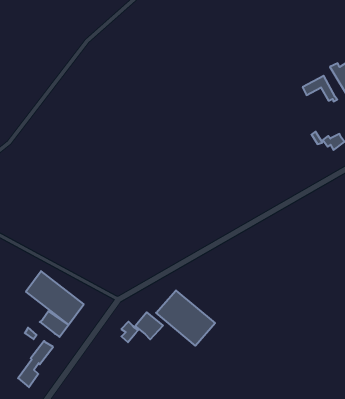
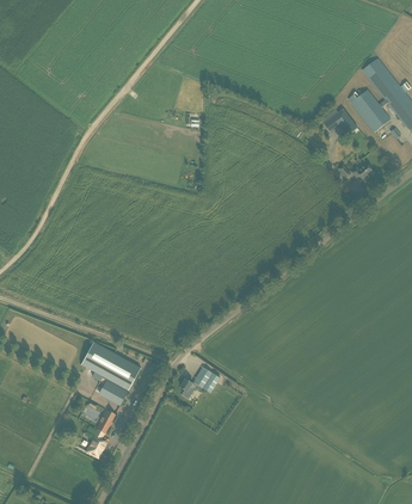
building: [156,290,215,346] -> none

